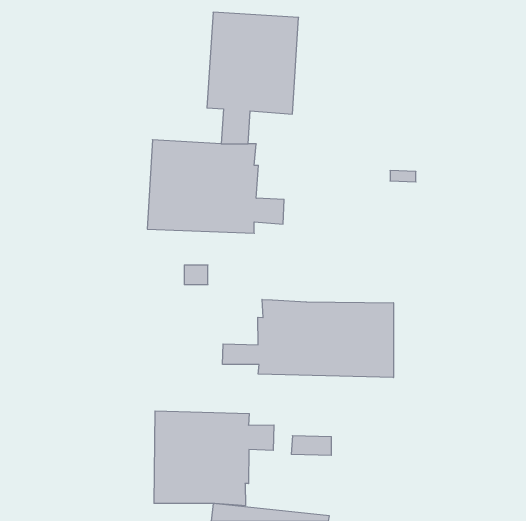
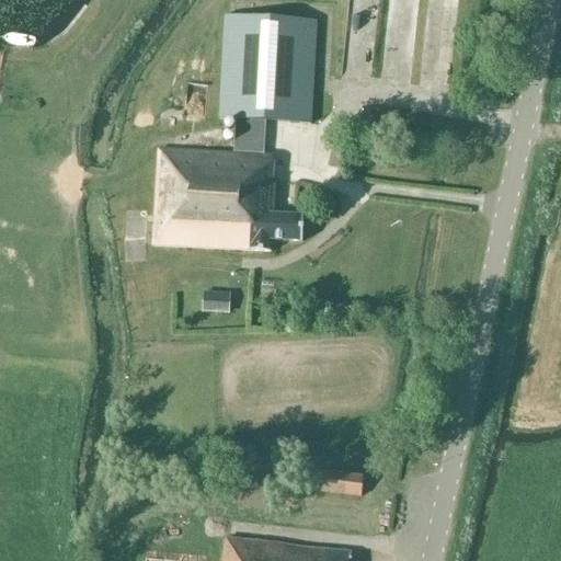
building: [223,299,393,378] -> none
building: [154,411,274,506] -> none

